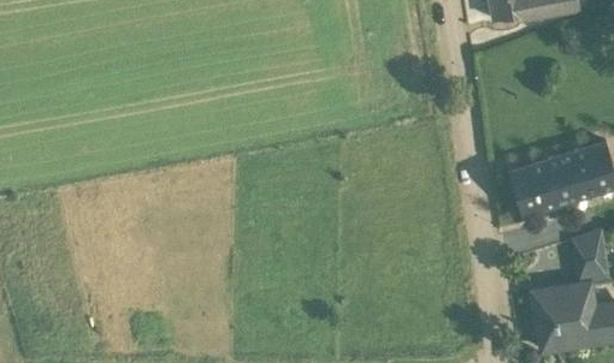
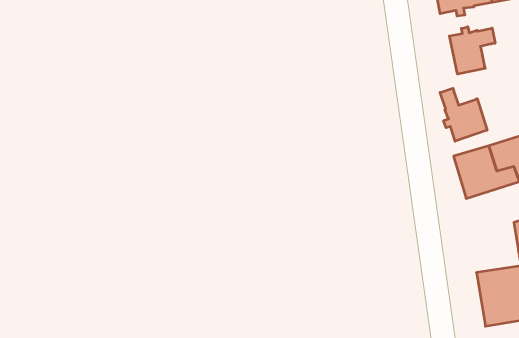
building: none -> [449,27,495,74]
building: none -> [440,88,487,141]

